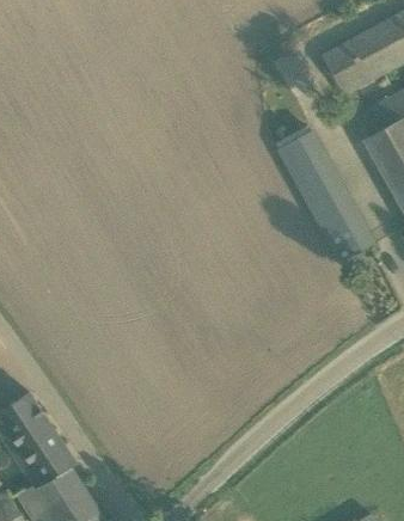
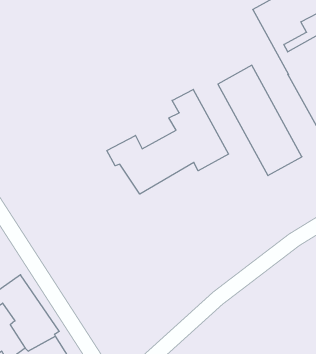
building: none -> [107,89,229,194]

